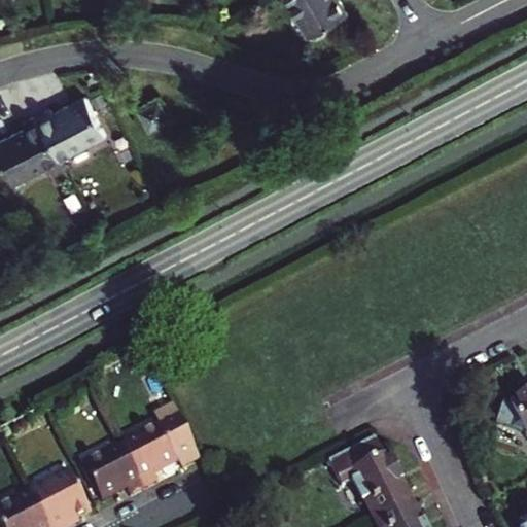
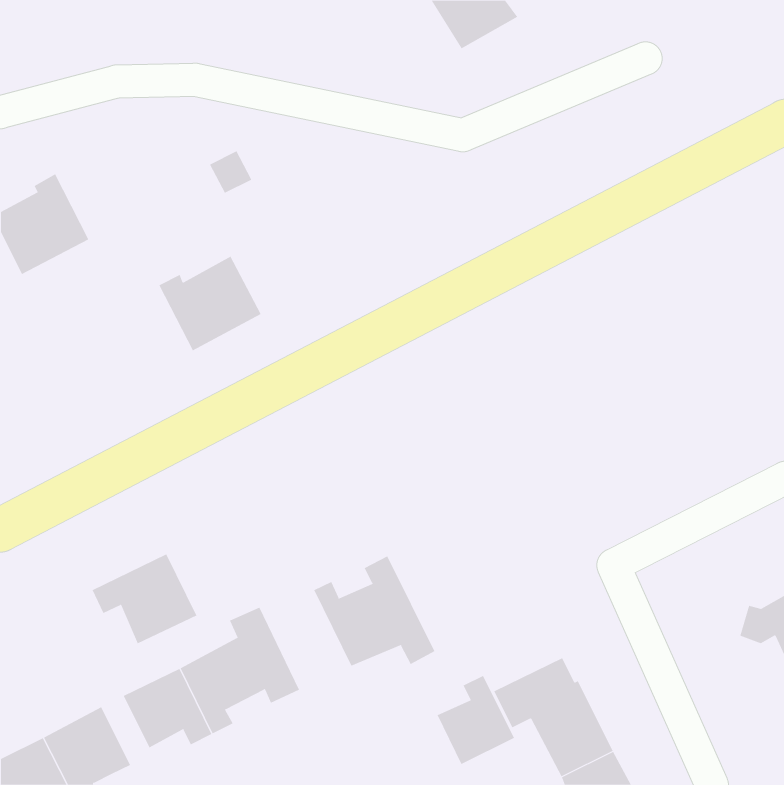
building: [38,97,107,161] -> [159,256,262,351]
building: none -> [92,553,197,644]
building: none -> [314,556,435,666]
building: none -> [437,675,515,765]

